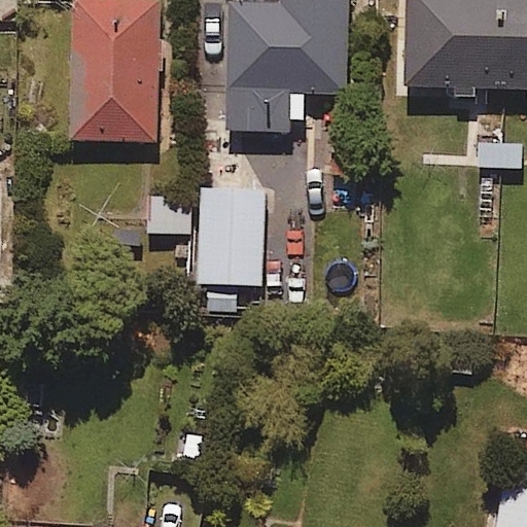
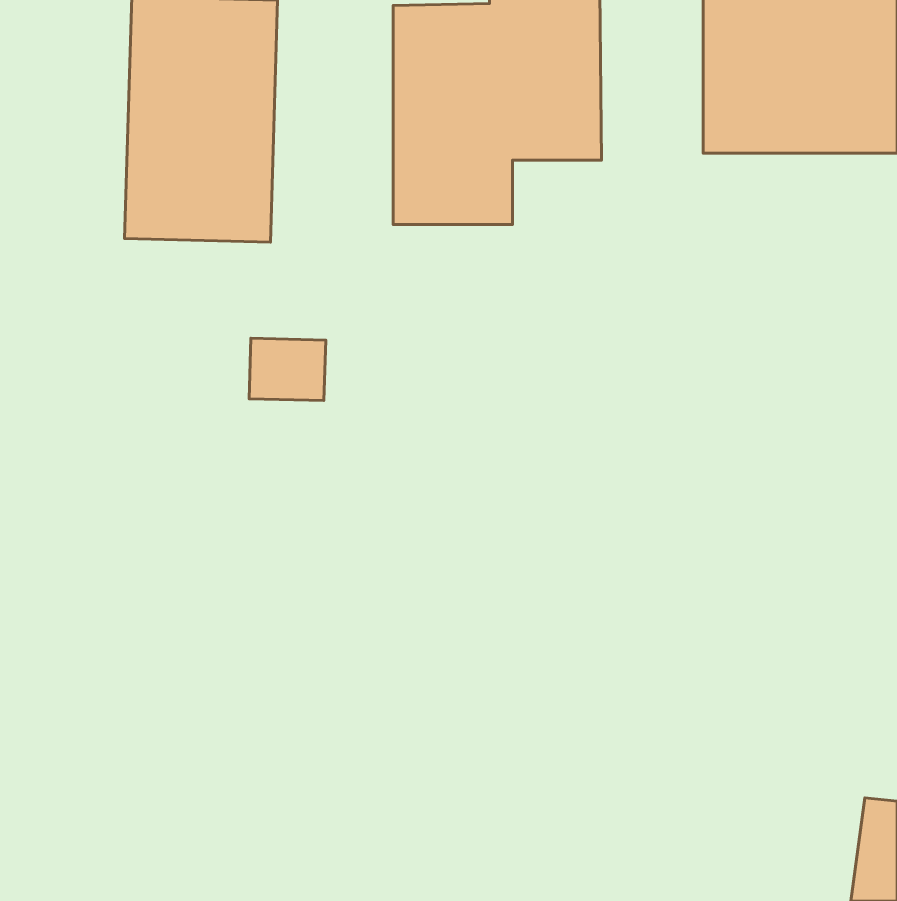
building: [197,186,264,284] -> none

